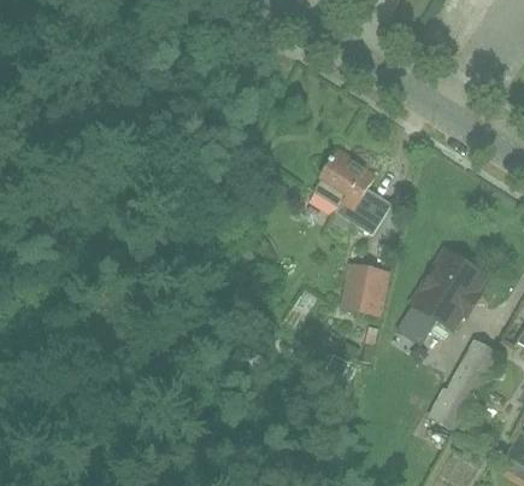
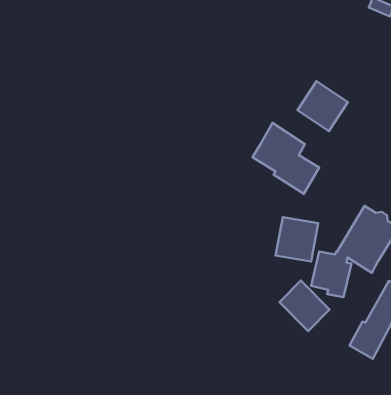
building: none -> [298,81,348,131]
building: none -> [279,281,330,331]

